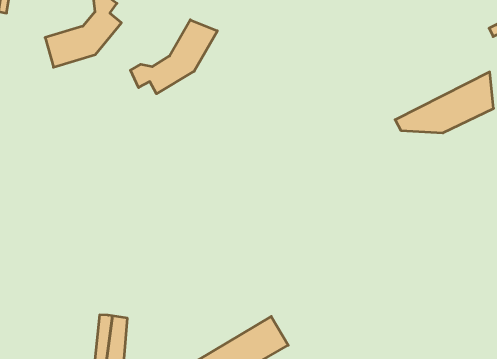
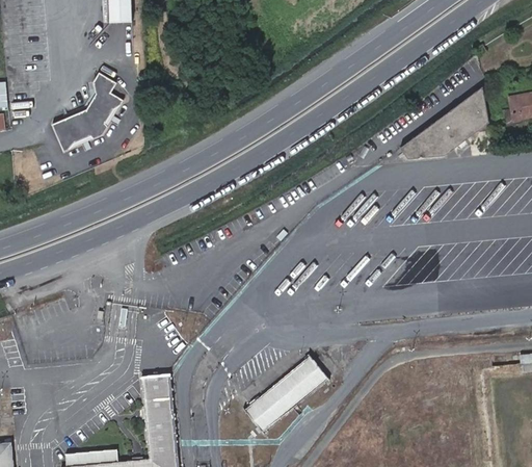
building: [130,20,217,94] -> none

